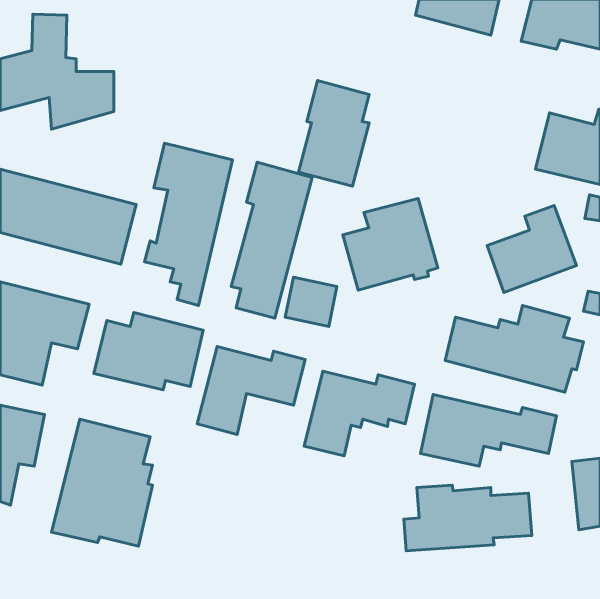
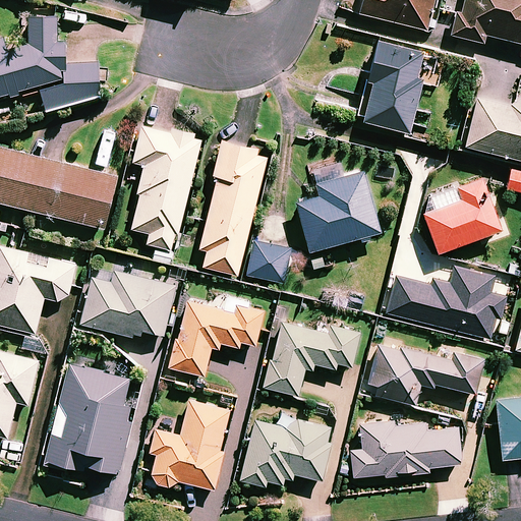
building: [299,81,369,186] -> [361,42,422,133]
building: none -> [147,400,230,489]
building: none -> [240,414,334,485]

